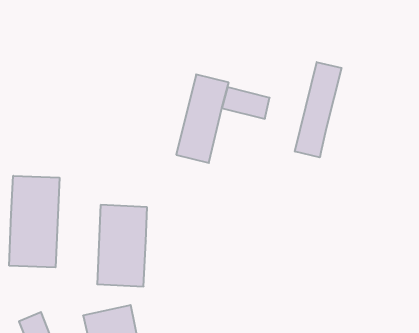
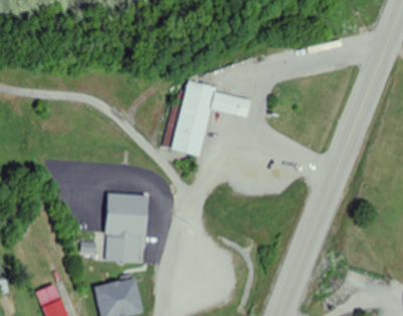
building: [295,62,342,157] -> none
building: [9,176,59,267] -> none

